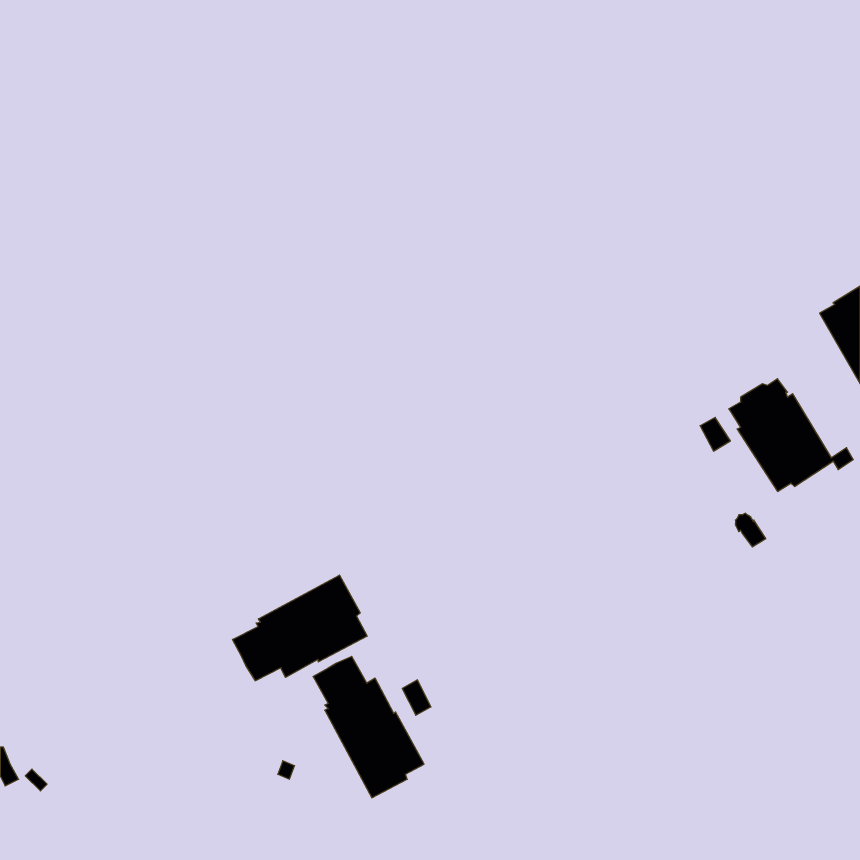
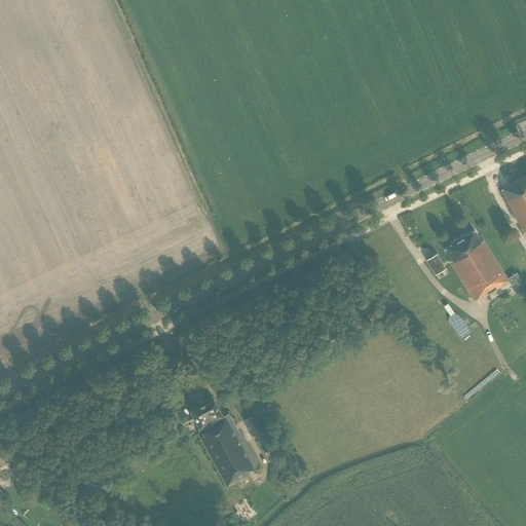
building: [233,575,367,681] -> none

